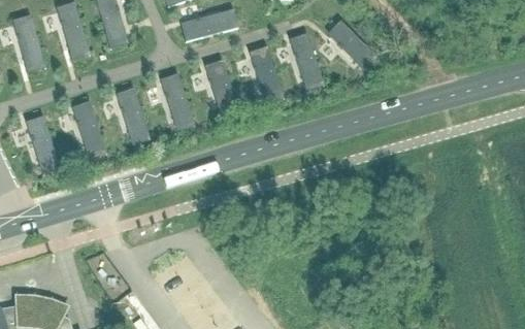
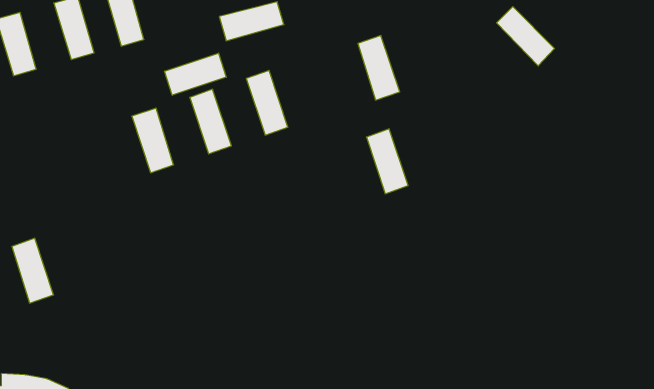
building: [329,21,373,66] -> [497,7,554,66]
building: [250,48,282,98] -> [366,129,408,194]
building: none -> [165,53,226,95]
building: [73,104,105,154] -> none
building: [27,119,59,168] -> [12,238,54,303]

